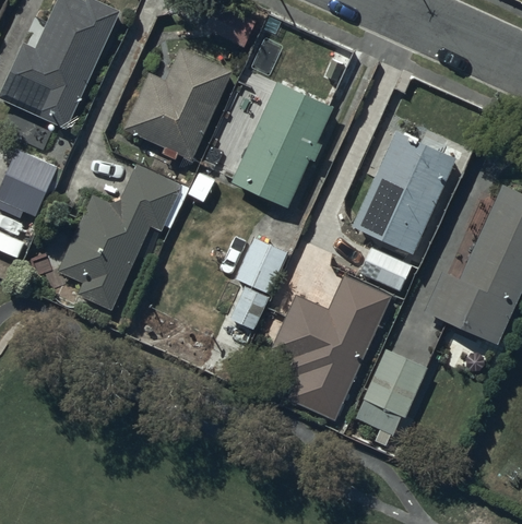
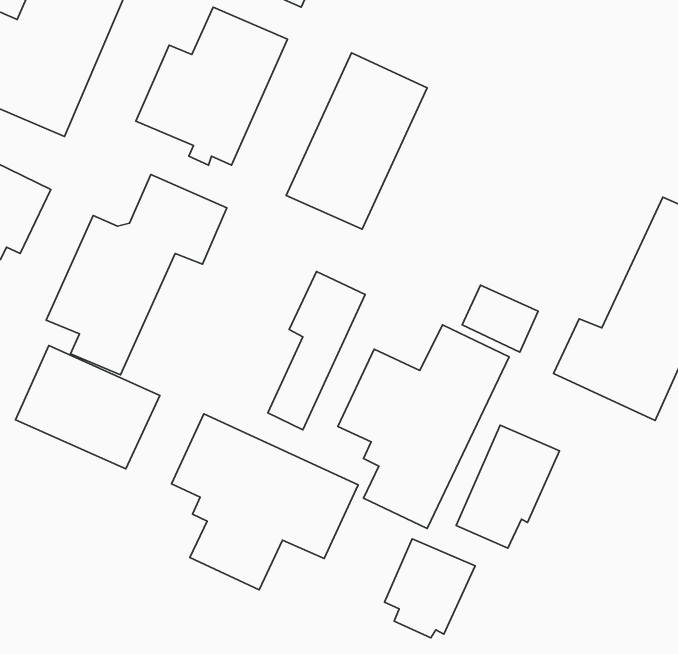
building: [351,127,456,253] -> none
building: none -> [15,345,160,469]
building: none -> [171,414,358,590]
building: none -> [384,539,475,638]

